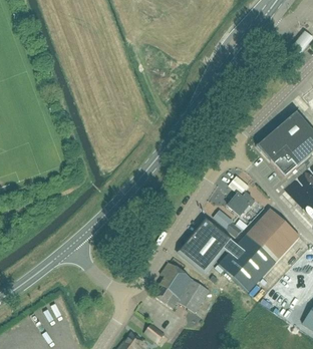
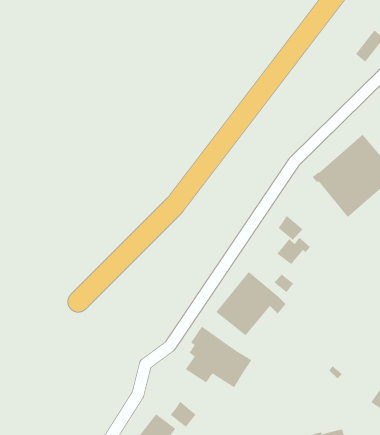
building: [219,208,300,291] -> none

